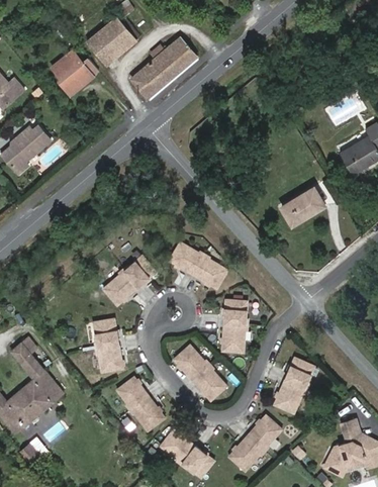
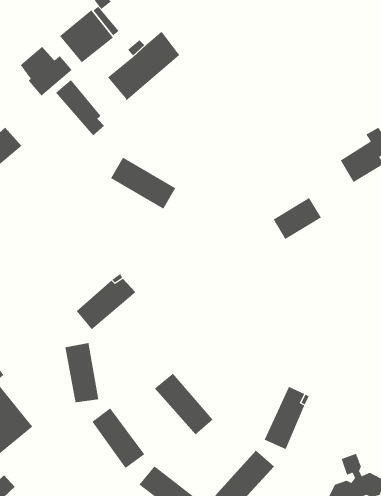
building: none -> [55,79,105,136]
building: [168,241,227,289] -> [110,157,176,209]
building: [221,299,246,354] -> none

